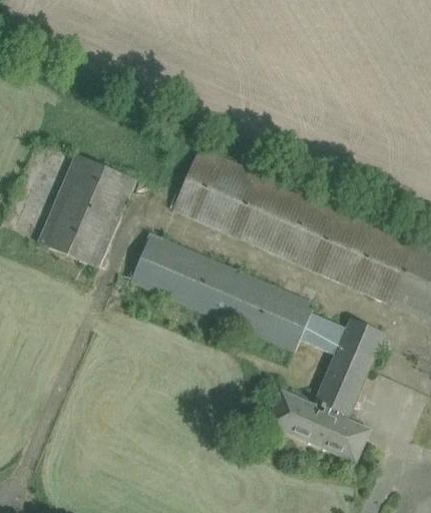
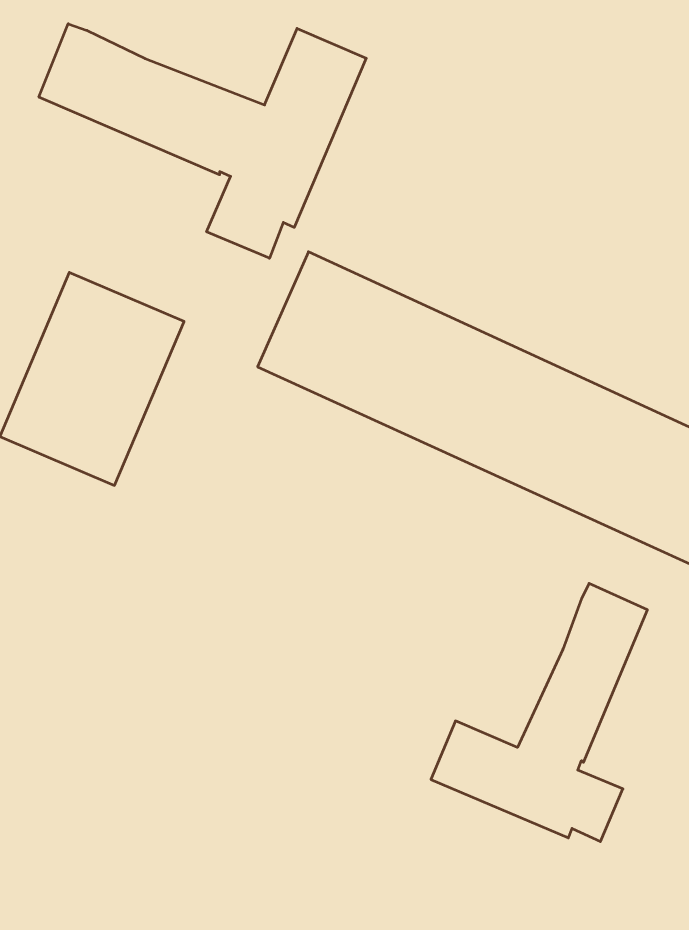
building: none -> [39,24,366,258]
building: [129,230,346,357] -> none

